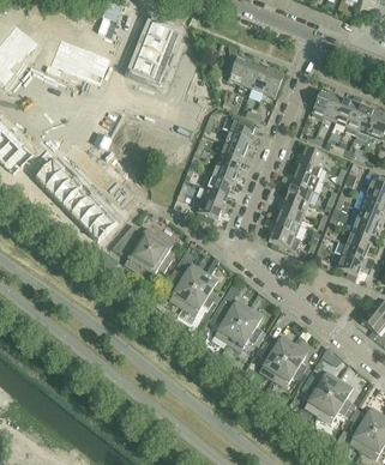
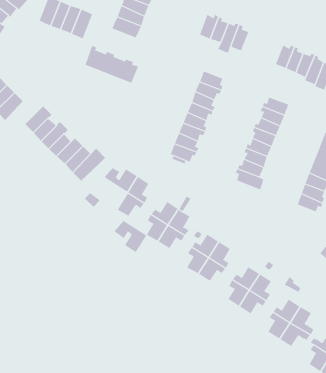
building: none -> [85,45,139,83]
building: [112,235,149,271] -> [113,220,147,253]

